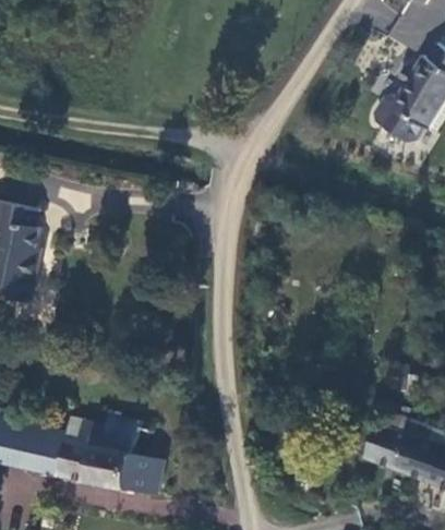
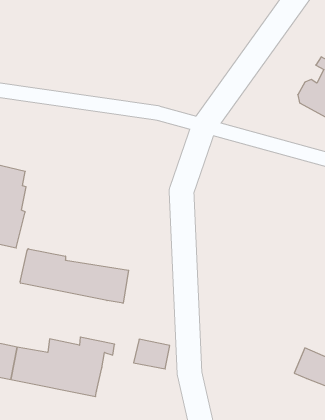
building: none -> [20,249,129,303]
building: [125,450,169,486] -> [134,339,170,369]

